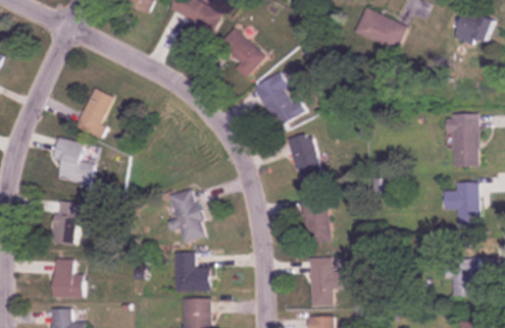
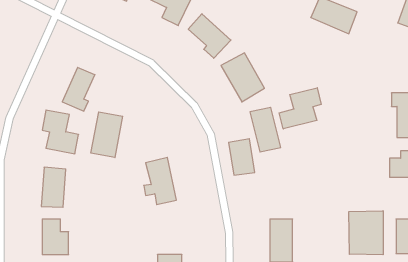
building: none -> [279,88,321,129]
building: none -> [91,112,123,158]
building: [302,203,332,243] -> [229,139,255,175]
building: none -> [349,211,383,255]
building: [174,252,209,290] -> none

